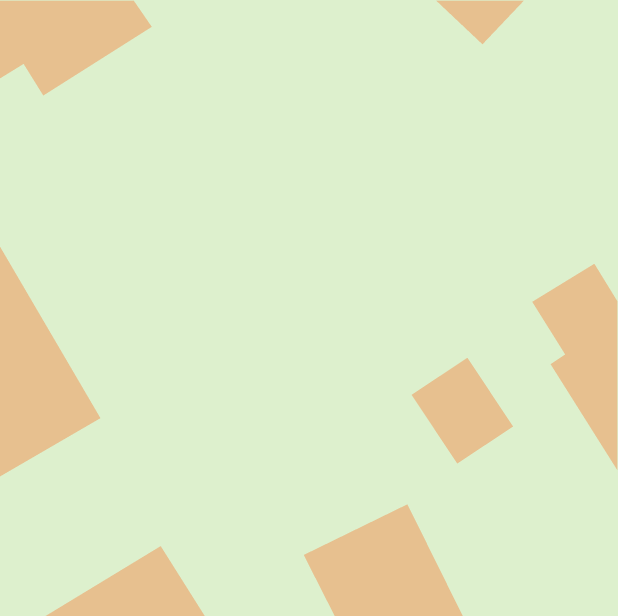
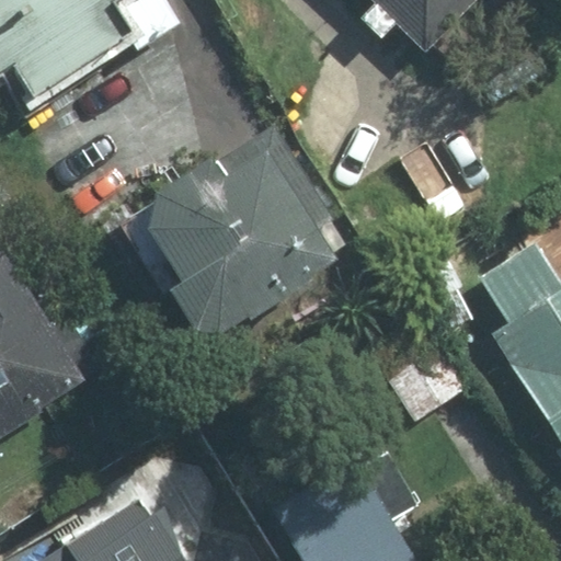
building: none -> [144,128,348,339]

